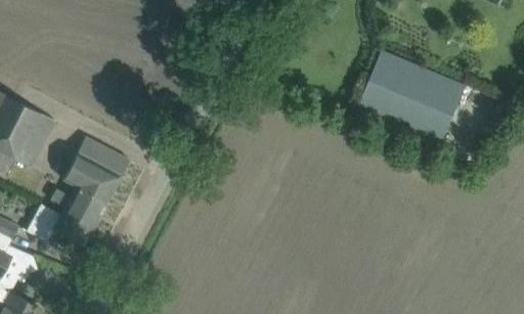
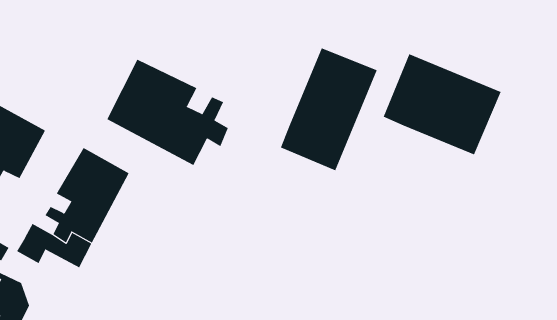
building: none -> [280,48,378,171]
building: none -> [107,59,229,166]

